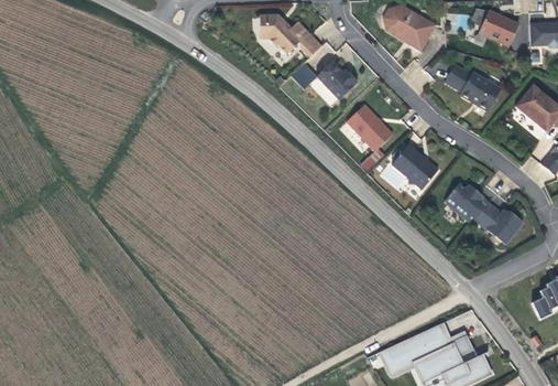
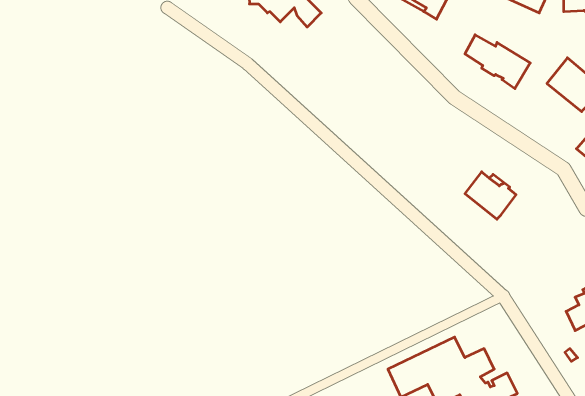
building: [292,61,358,106] -> none
building: [348,104,394,150] -> none
building: [393,144,439,189] -> none
building: [477,202,524,244] -> none

